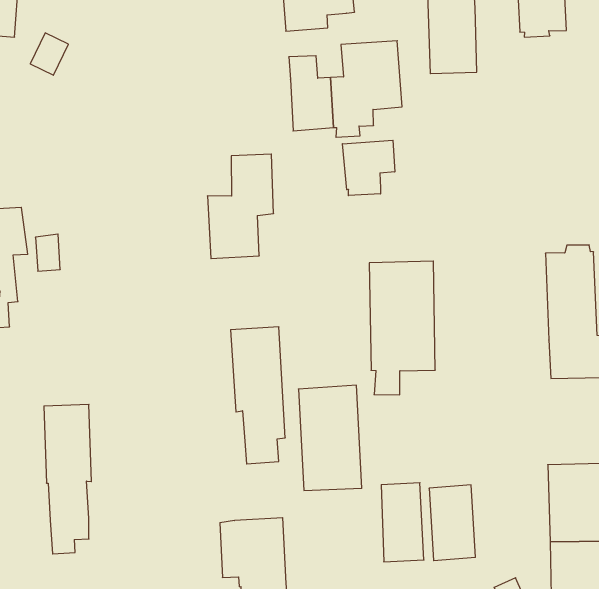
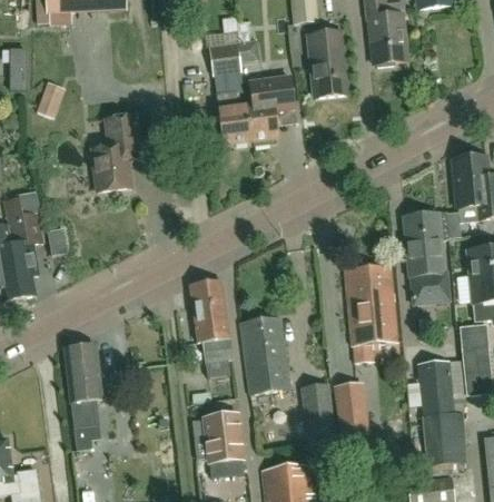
building: [342,140,395,196] -> none
building: [207,154,274,259] -> [92,114,139,189]
building: [369,261,435,395] -> [345,264,396,360]

